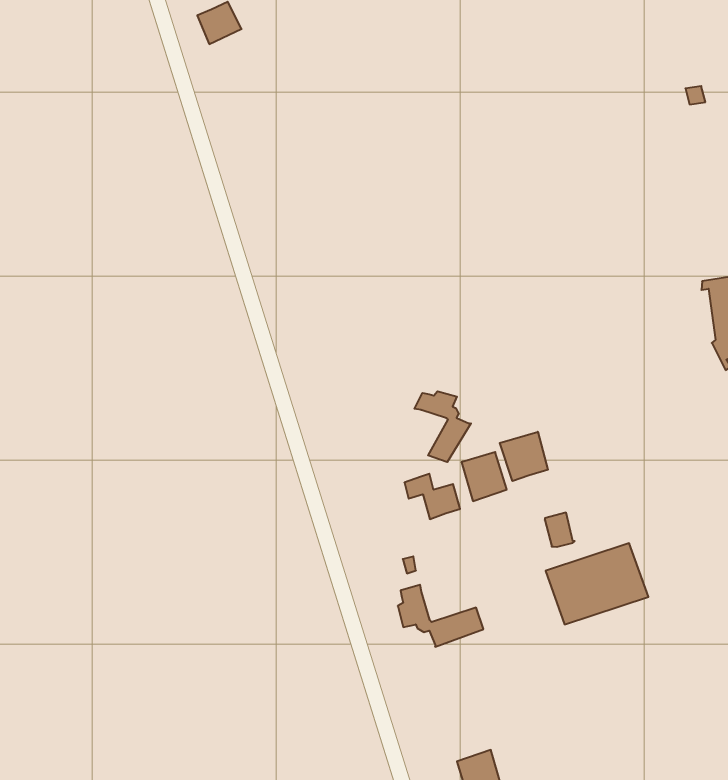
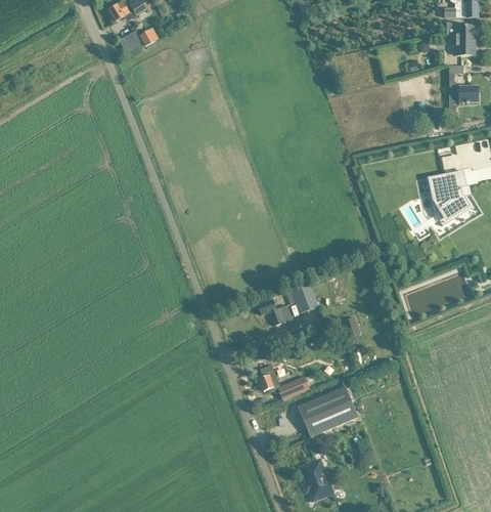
building: [414,391,471,462] -> none
building: [500,432,548,481] -> none
building: [546,543,648,624] -> [297,386,358,436]

